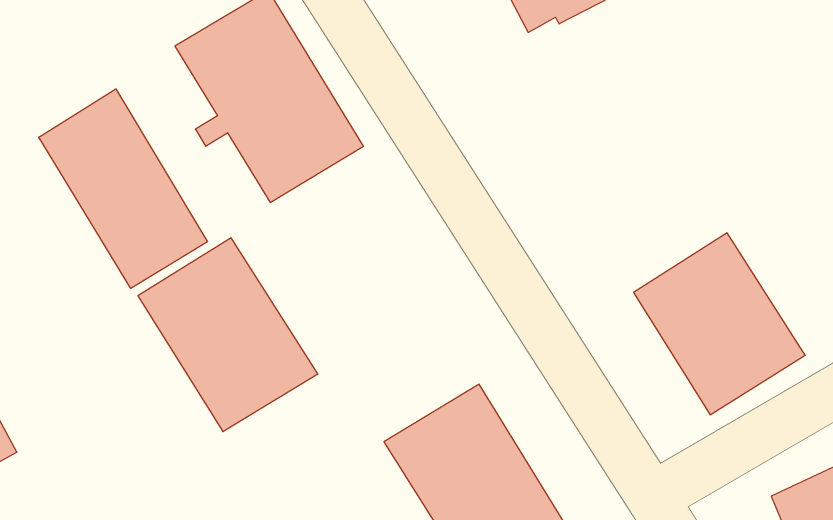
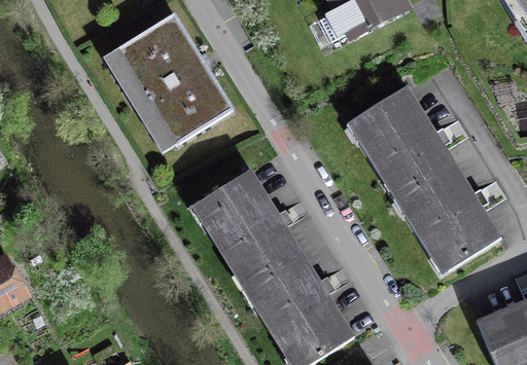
building: [39,89,208,288] -> none
building: none -> [349,88,452,198]
building: [138,238,318,432] -> [192,172,302,289]

